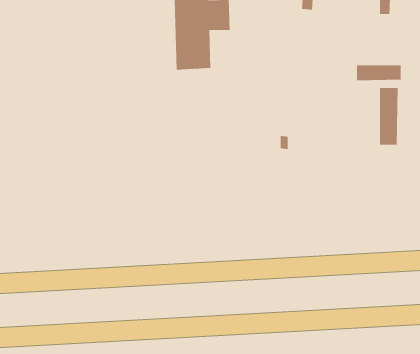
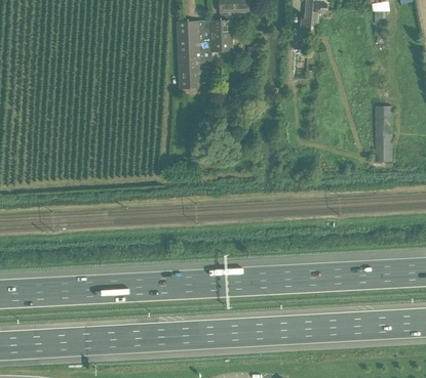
building: [357,65,401,81] -> none

